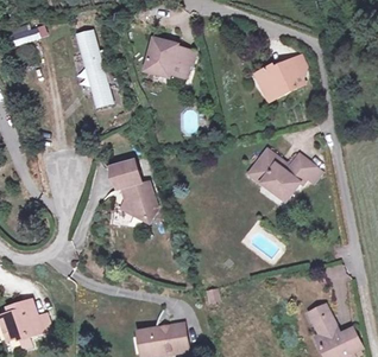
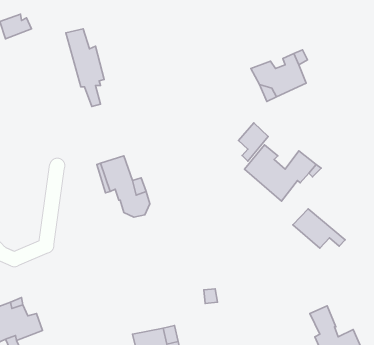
building: [145,37,194,76] -> none
building: none -> [238,123,268,161]
building: none -> [293,209,345,248]

